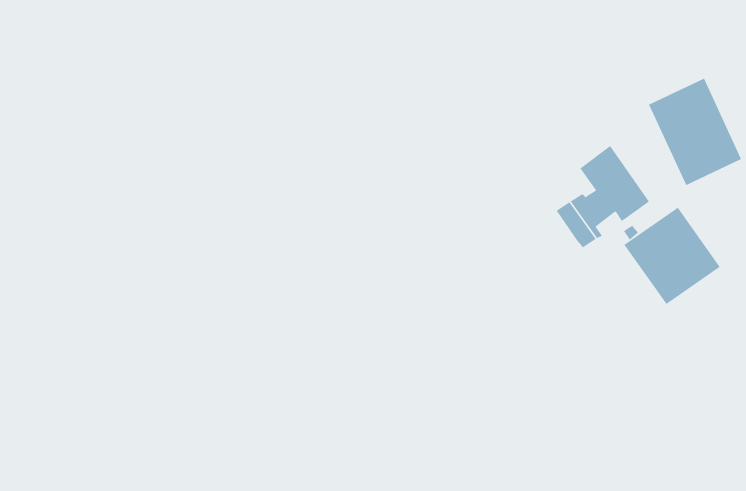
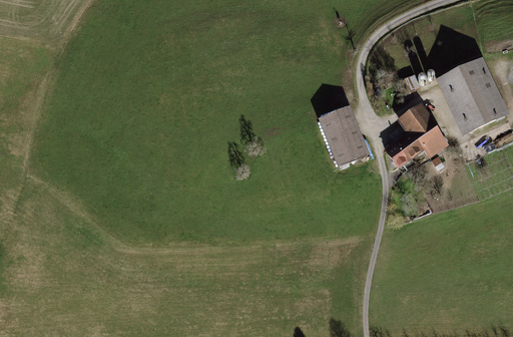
building: none -> [320,106,369,167]
building: [624,207,720,305] -> none

